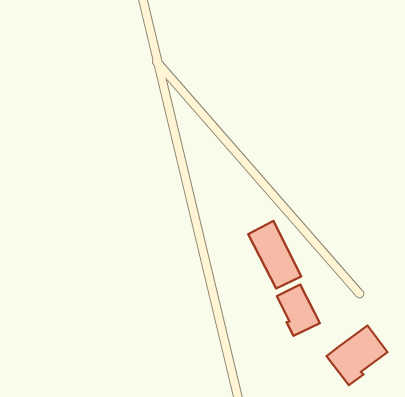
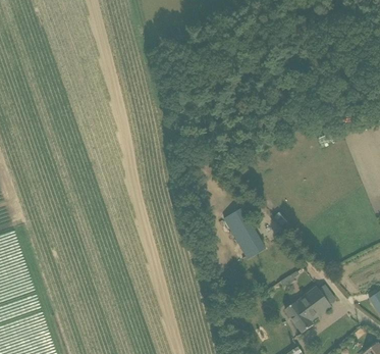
building: [277,285,320,336] -> none

